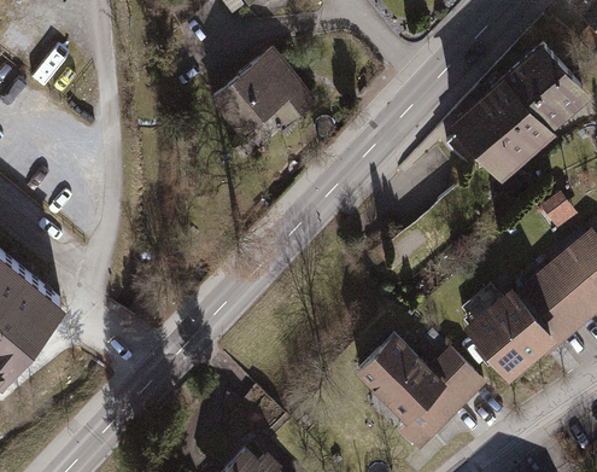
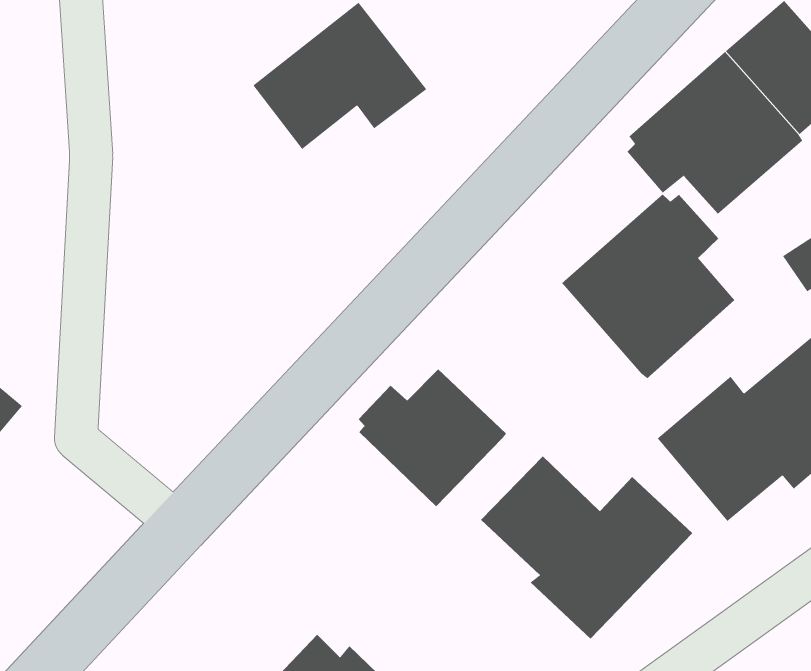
building: none -> [561,194,735,379]
building: none -> [358,368,507,507]

